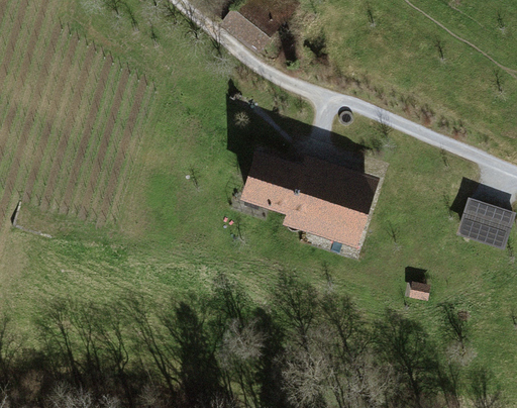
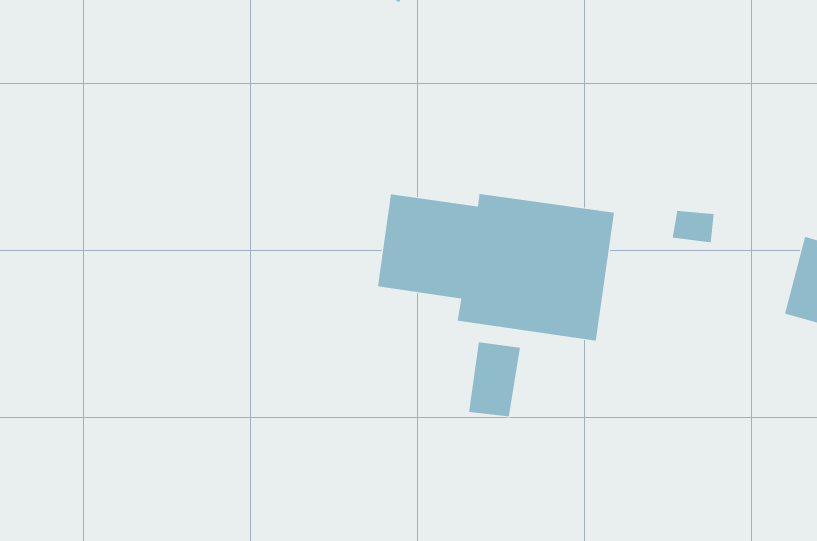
building: none -> [468,342,520,417]

